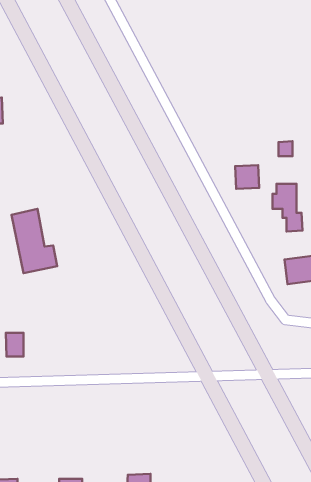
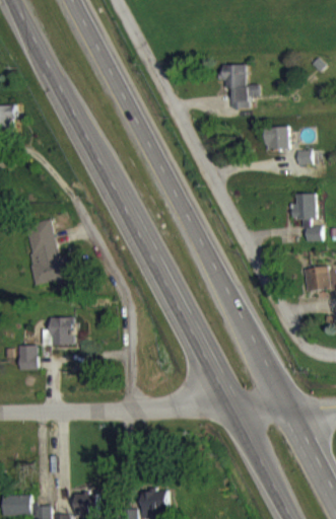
building: none -> [223,65,260,108]
building: [235,165,259,189] -> [265,127,289,151]
building: none -> [43,317,74,346]

